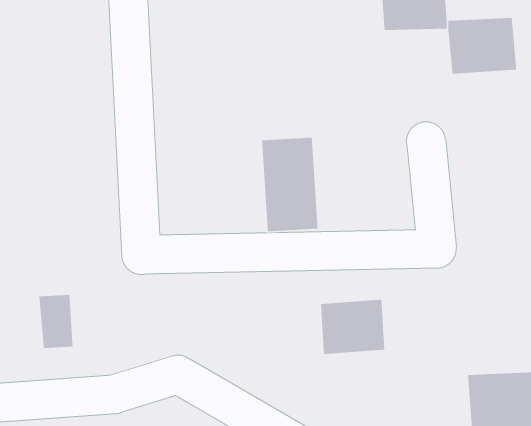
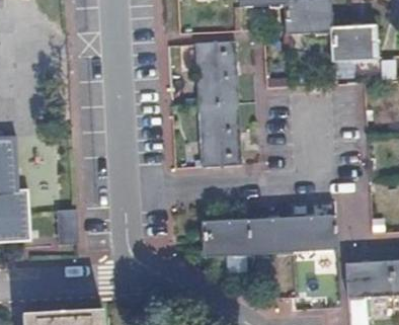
building: none -> [203,43,240,105]
building: none -> [287,209,333,246]
building: none -> [202,215,247,252]

